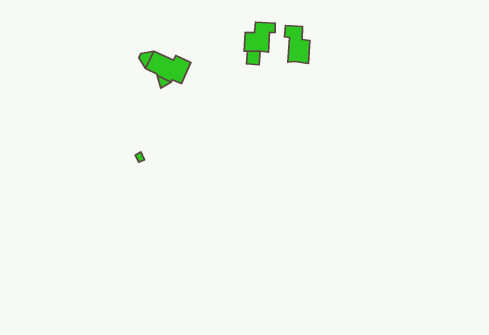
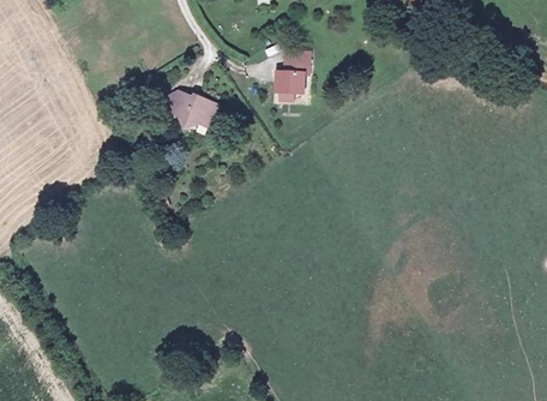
building: [284,26,310,64] -> none

